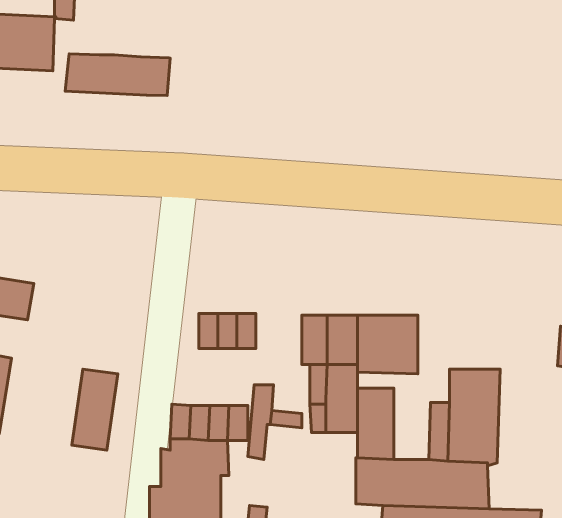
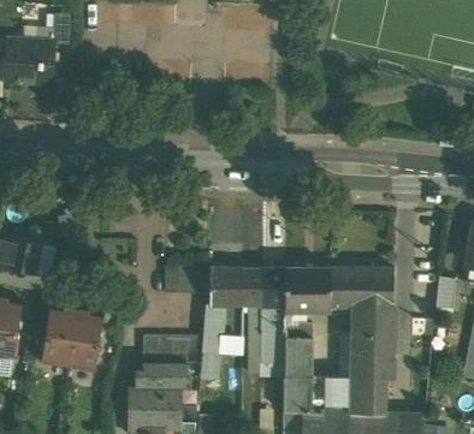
building: [65,54,170,96] -> none
building: none -> [211,267,243,305]
building: none -> [331,268,395,309]
building: none -> [42,304,77,367]

